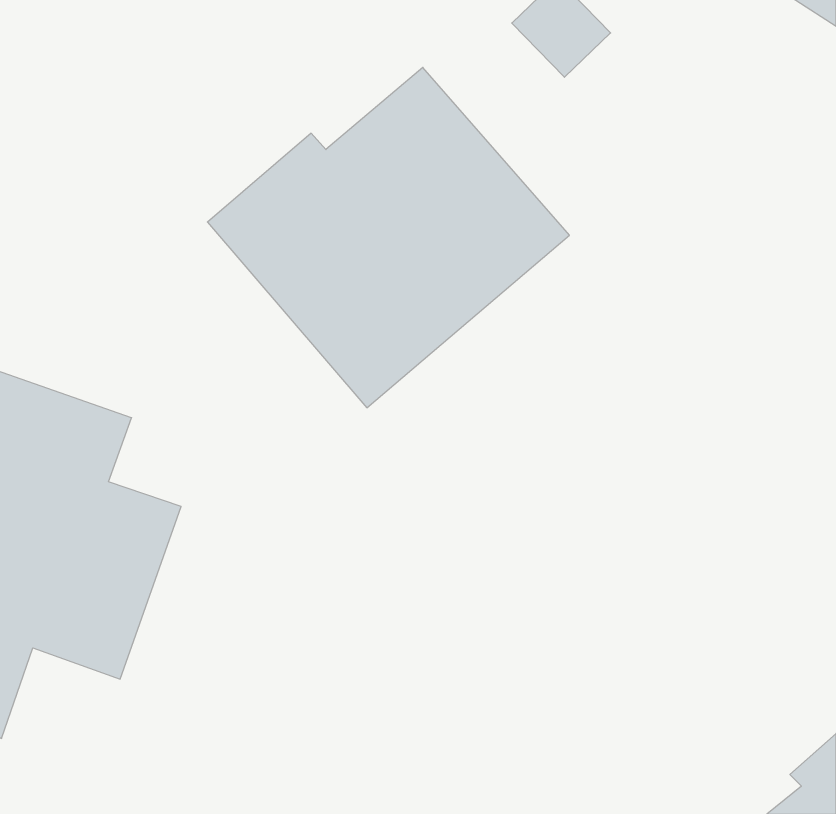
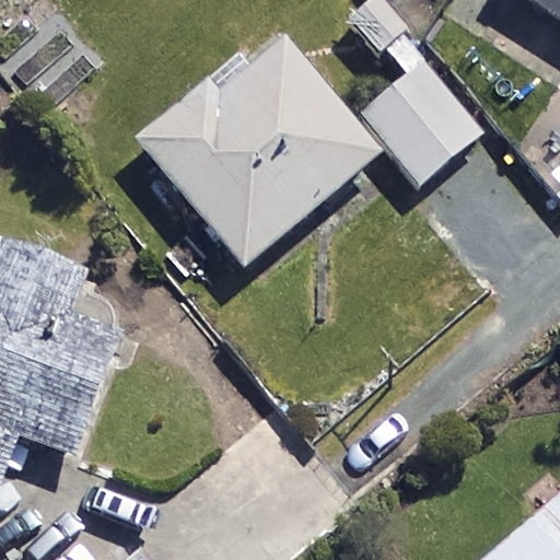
building: none -> [359,59,483,185]

